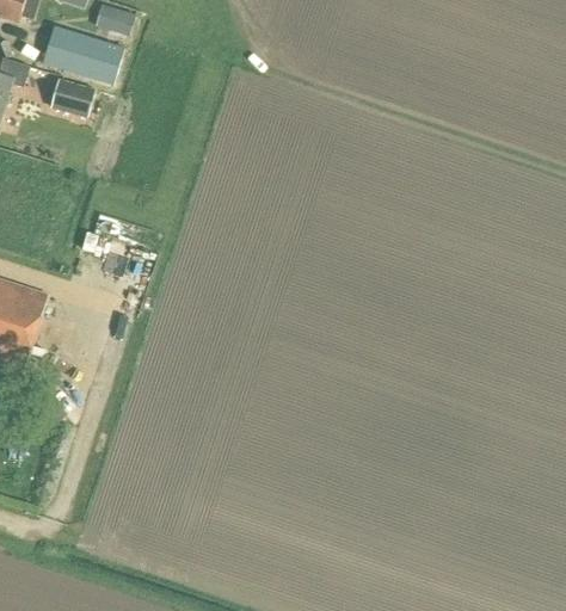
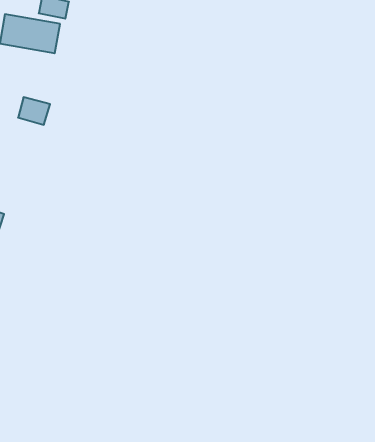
building: [53,74,96,111] -> [18,97,50,125]

